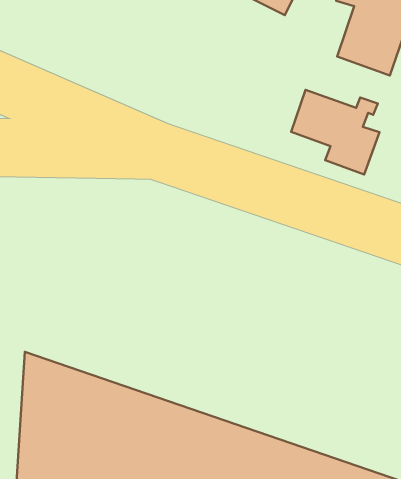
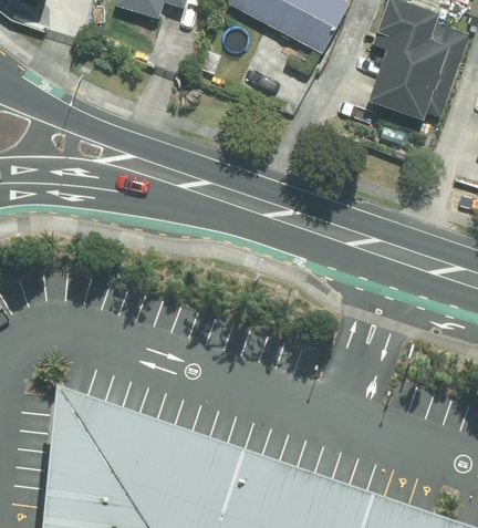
building: [291,90,380,174] -> none

